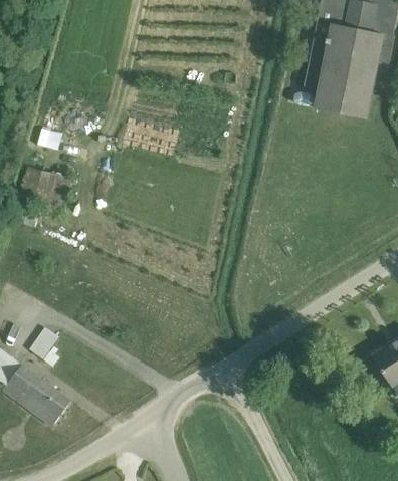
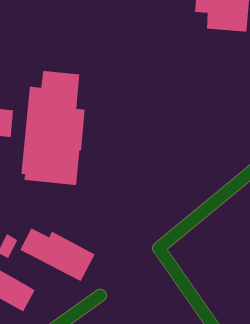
building: none -> [21,70,85,186]
building: none -> [20,228,95,282]

